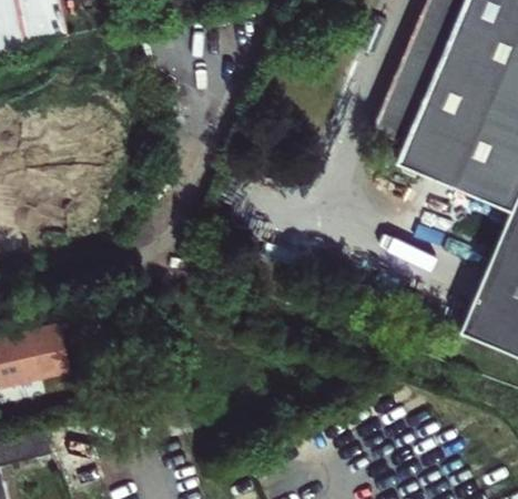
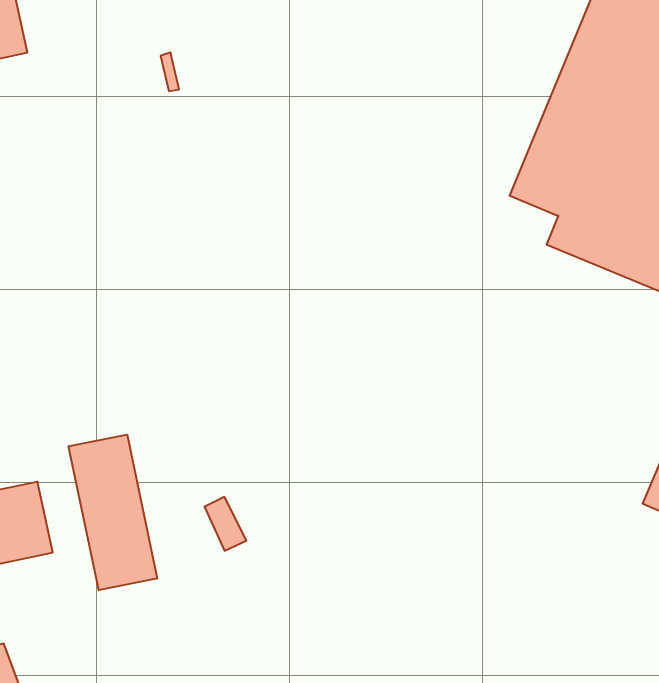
building: none -> [69,435,157,590]

